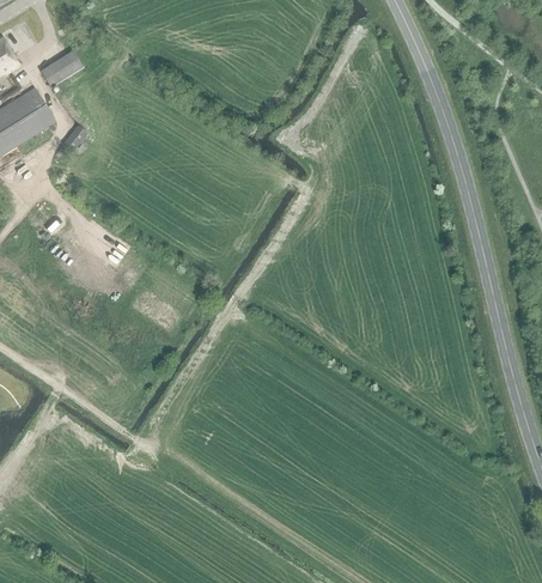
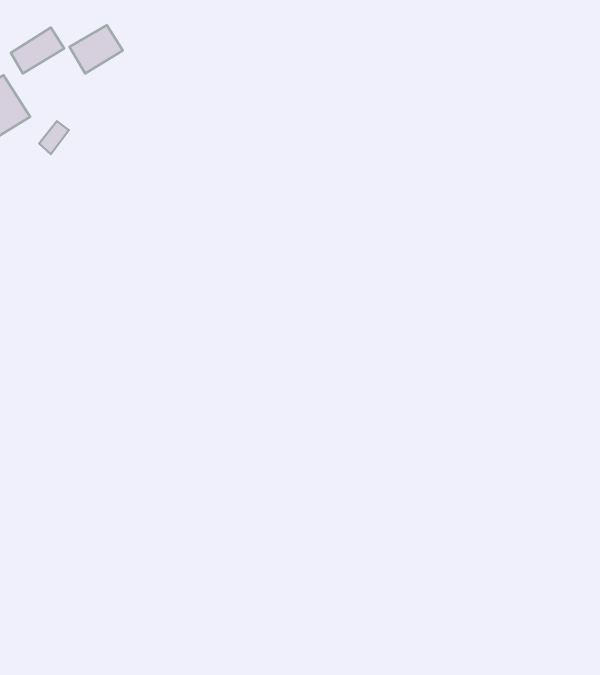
building: none -> [69,25,123,74]

